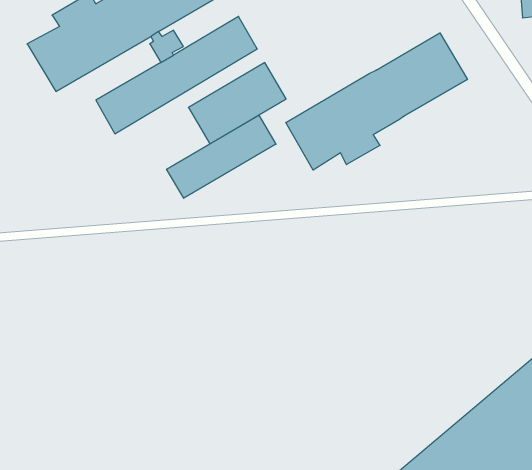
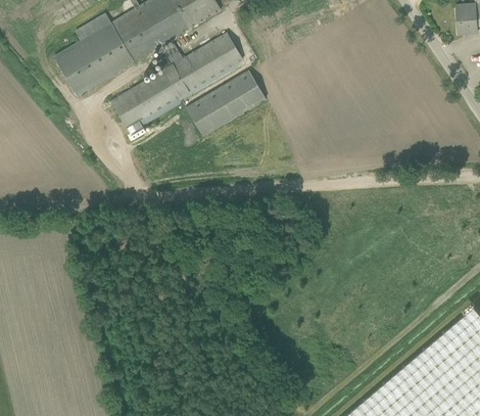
building: [286,33,467,170] -> none
building: [167,115,276,198] -> none

